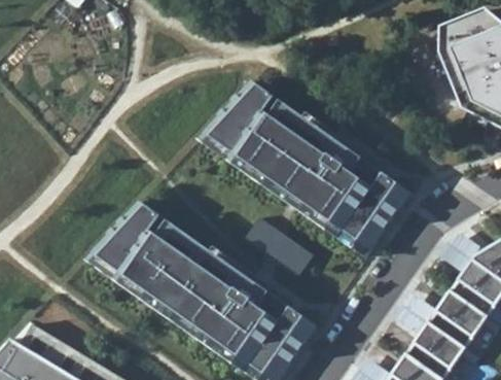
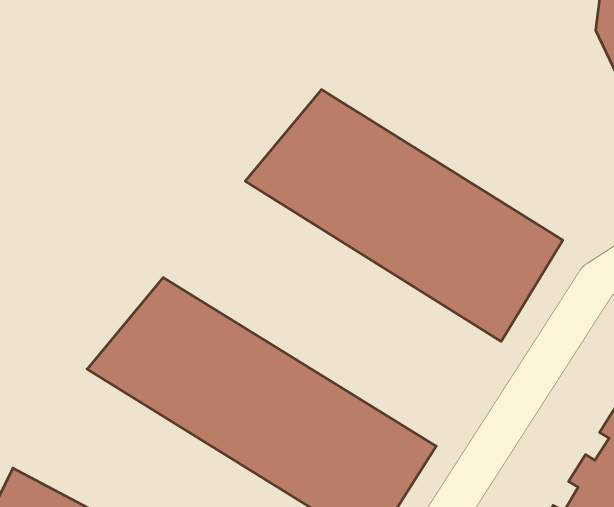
building: [244,216,313,276] -> none

